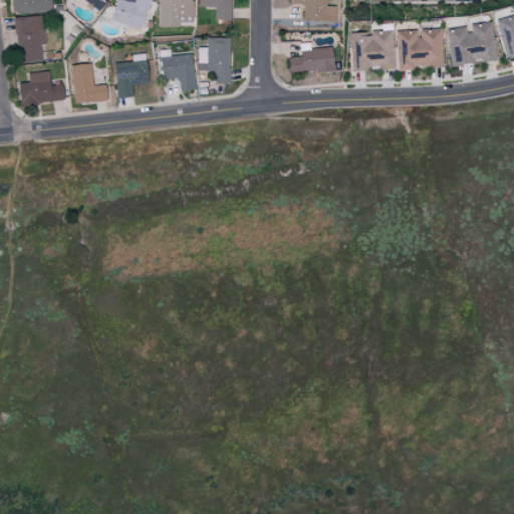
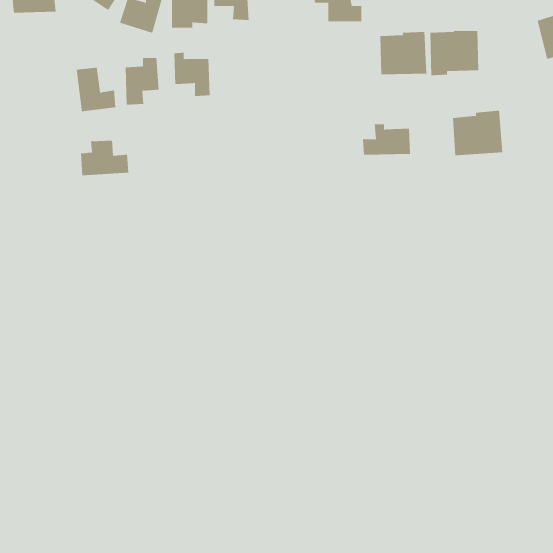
building: [16,14,46,63] -> none
building: [450,21,497,63] -> [452,110,503,156]
building: [199,36,232,83] -> none
building: [290,42,335,71] -> [362,124,411,155]
building: [20,70,65,103] -> [80,140,129,176]

